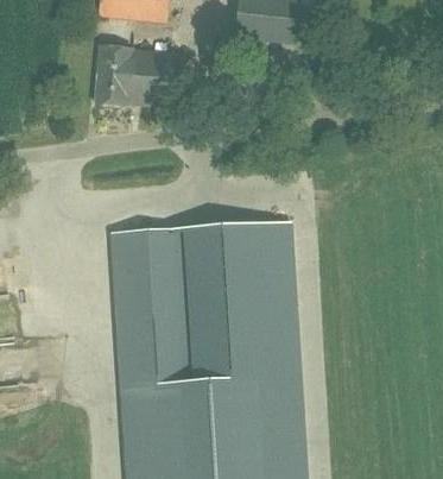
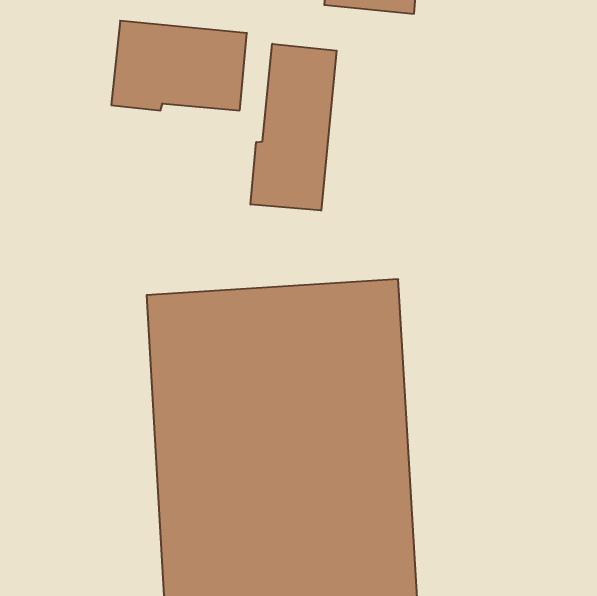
building: none -> [251,44,337,211]

